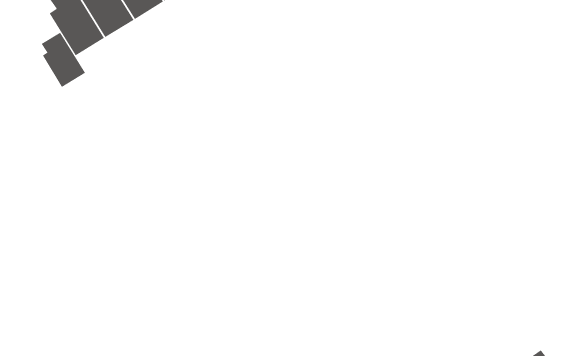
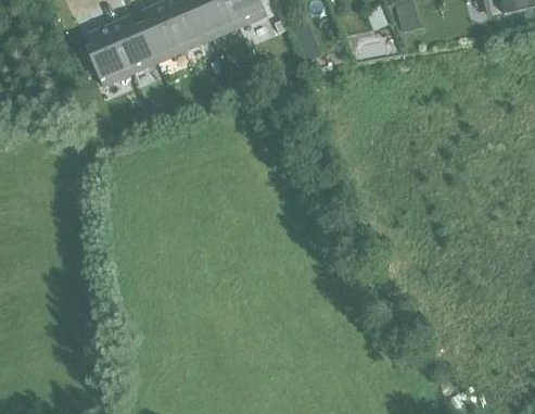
building: [41,32,86,88] -> none

